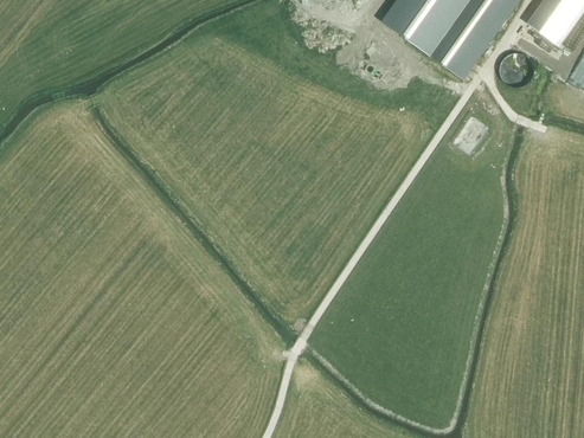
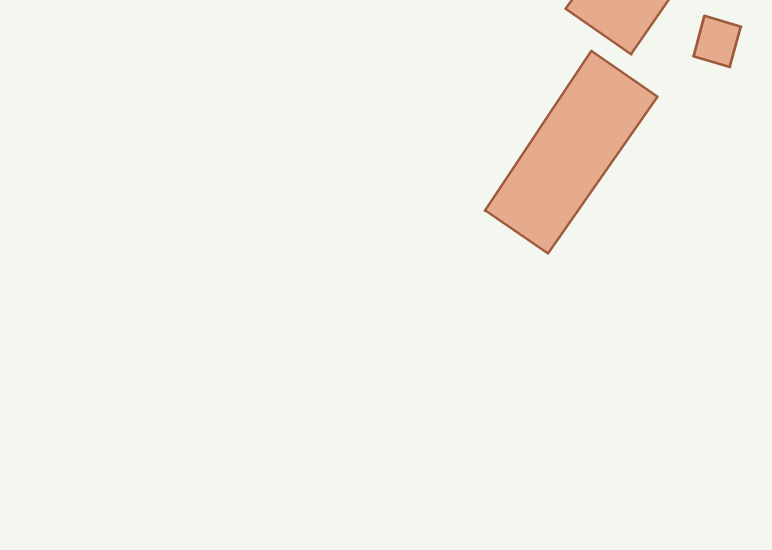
building: none -> [485,51,657,253]

